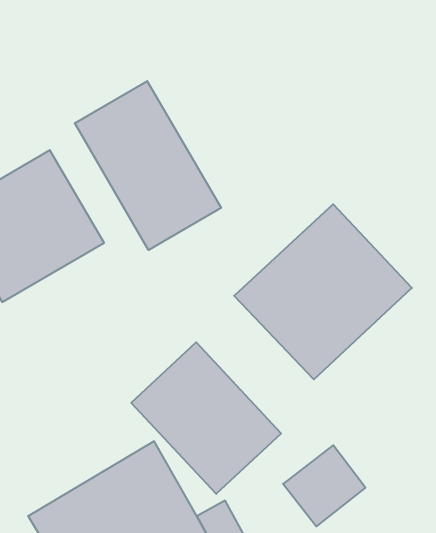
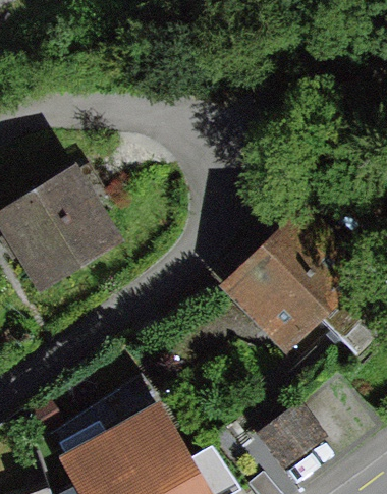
building: [75,81,221,250] -> none
building: [131,342,281,494] -> none

